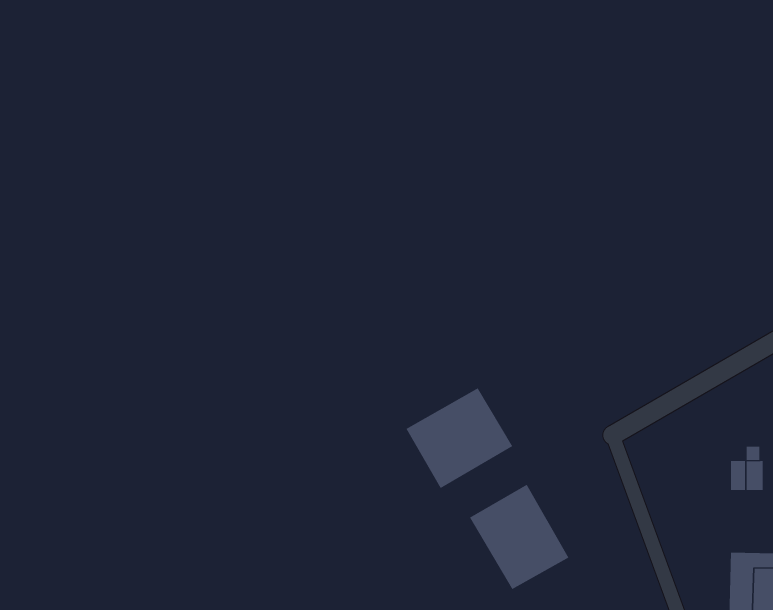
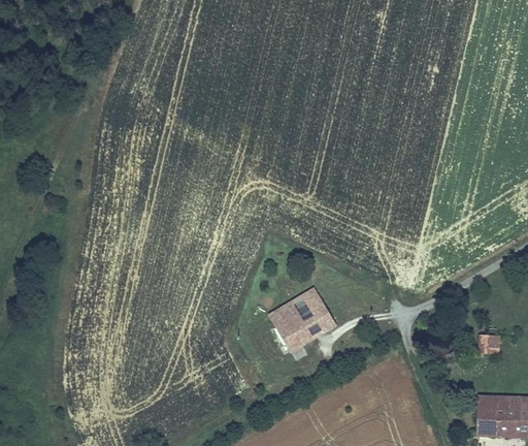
building: [469,484,569,590] -> none

